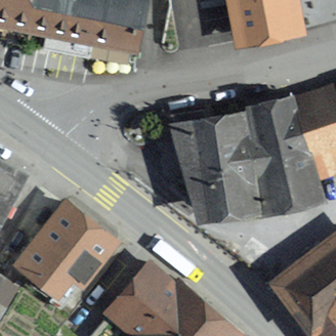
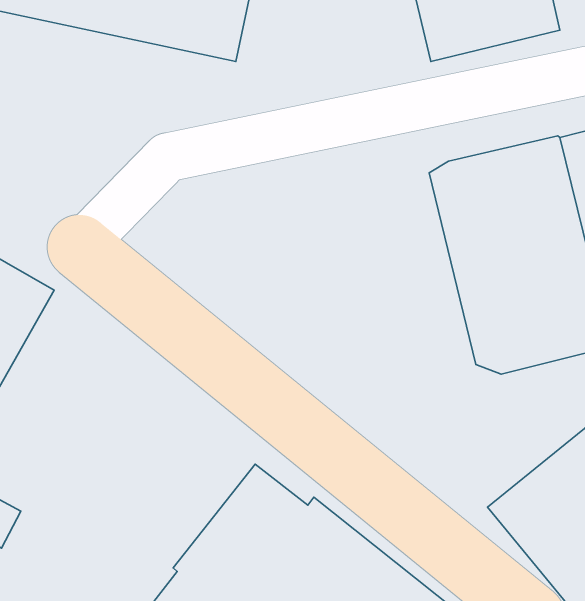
building: [166,110,261,226] -> none
building: [17,202,118,305] -> none

